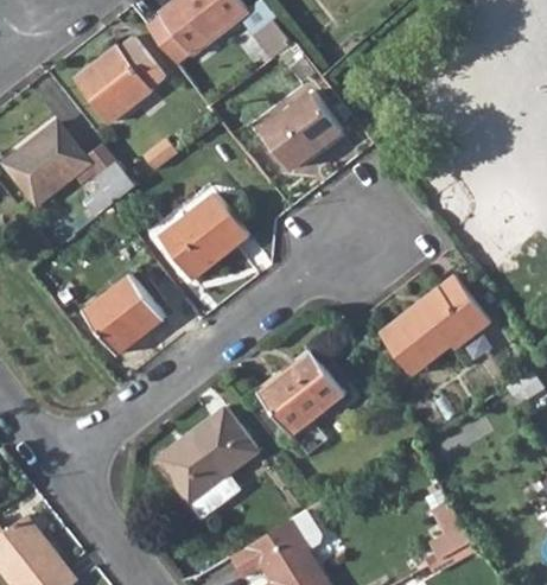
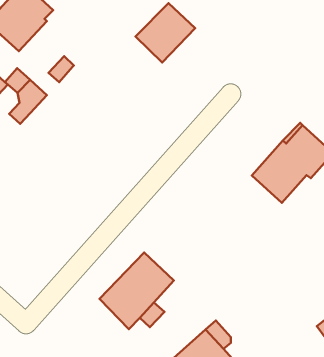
building: [160,193,248,278] -> none
building: [83,276,163,354] -> none
building: [259,352,343,433] -> none

